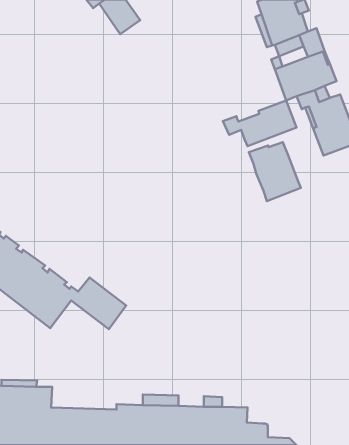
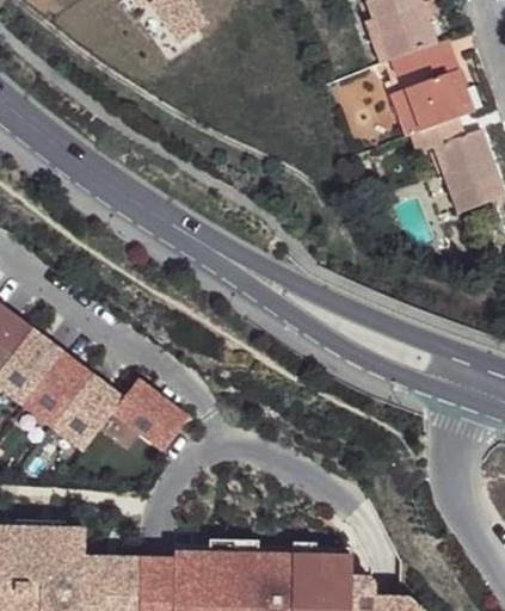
building: [223,101,297,146] -> none
building: [249,142,301,201] -> none

